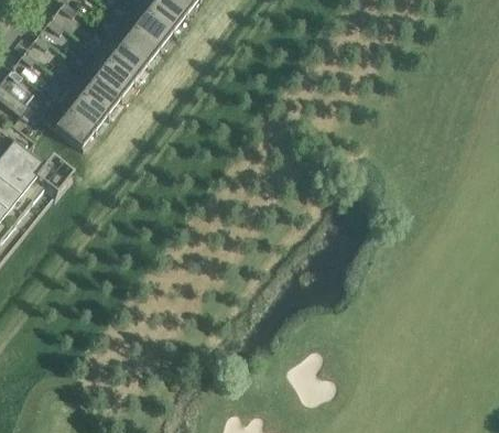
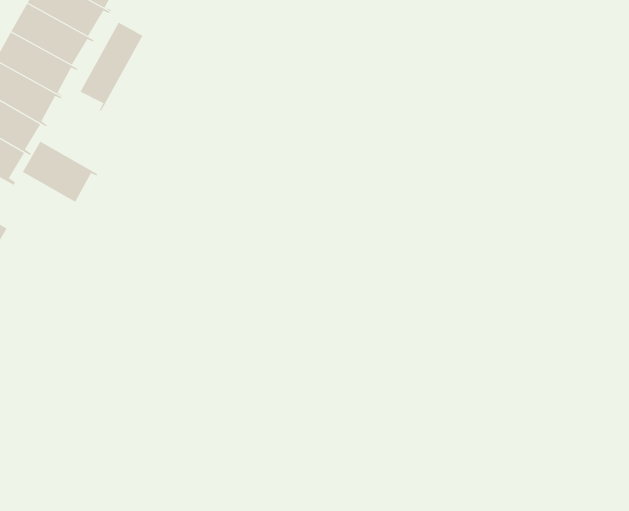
building: none -> [77,22,143,111]
building: none -> [22,141,98,205]

